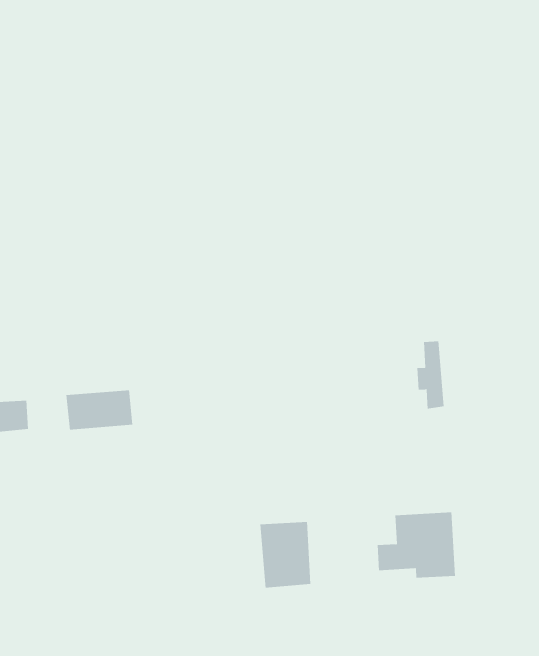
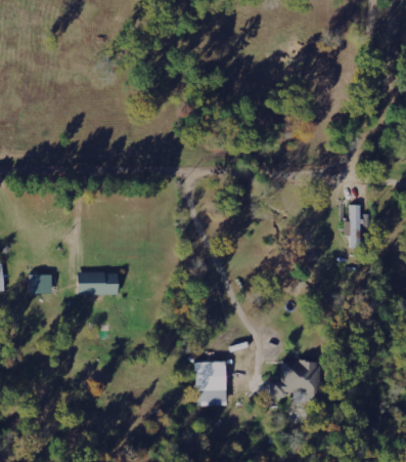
building: [417,341,444,409] -> [345,205,361,248]

